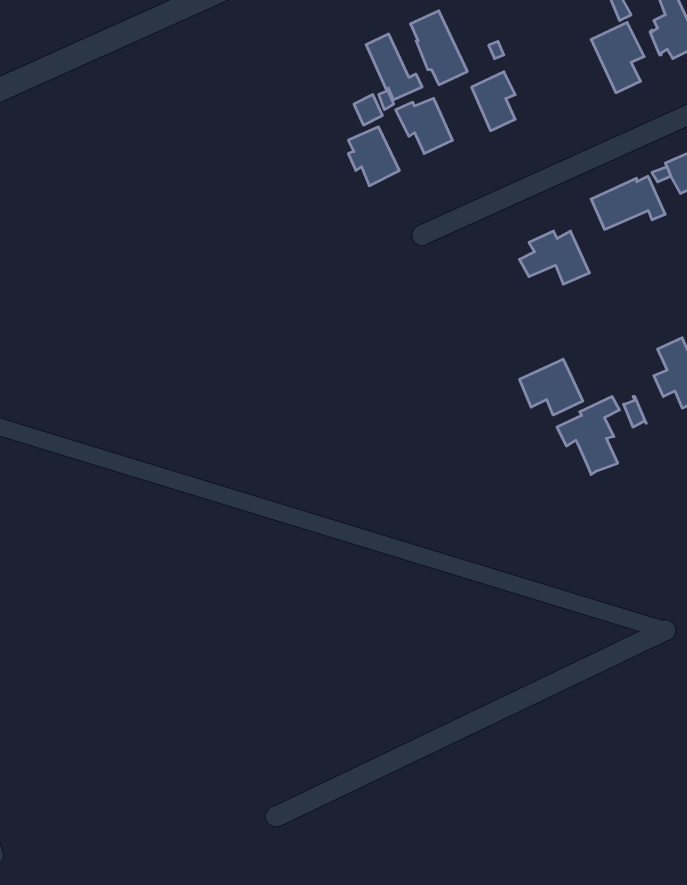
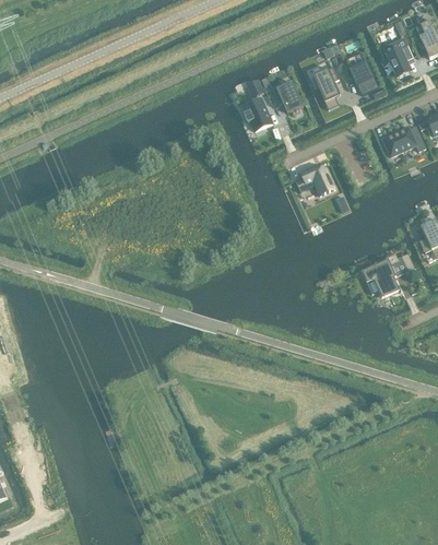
building: [410,11,467,85] -> [345,51,378,94]
building: [366,34,422,100] -> none
building: [519,231,590,284] -> [294,165,334,196]
building: [520,359,583,415] -> none

